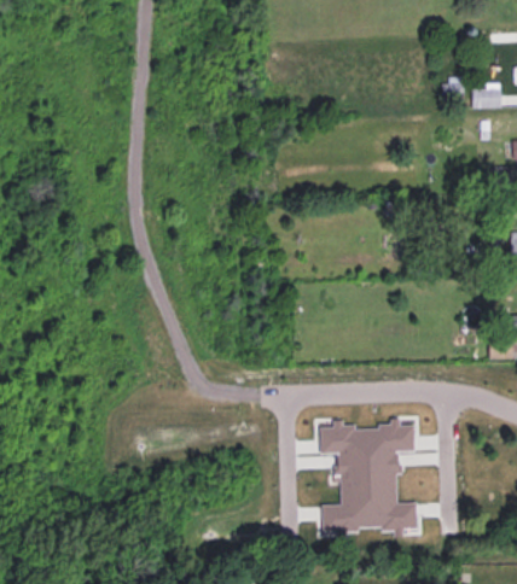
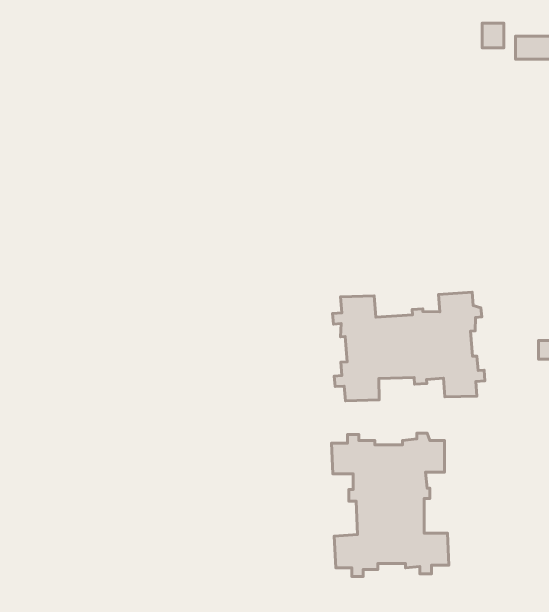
building: none -> [333,292,485,401]

